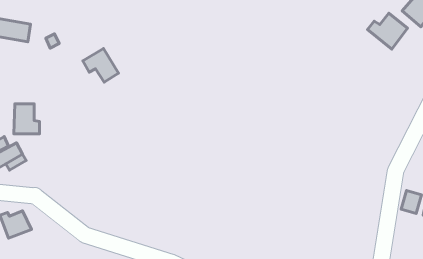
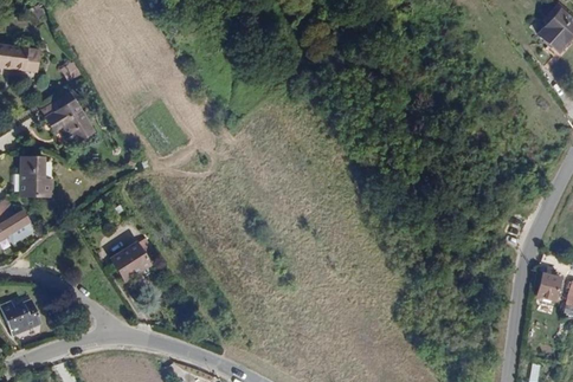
building: [367,13,408,49] -> none
building: [83,48,118,82] -> [46,101,94,145]
building: none -> [109,240,153,283]

